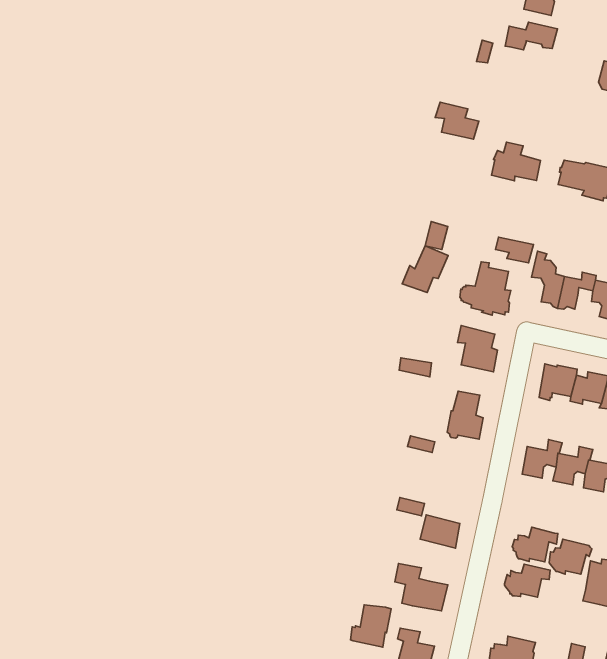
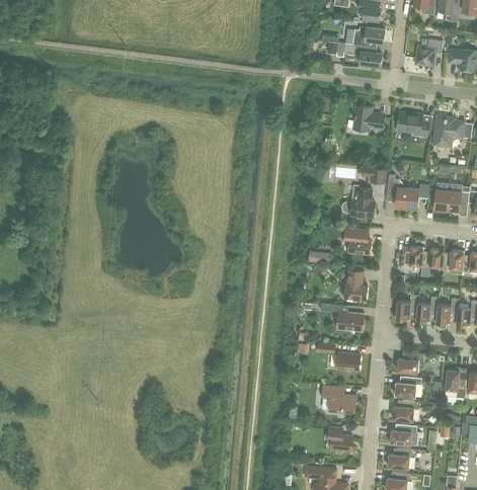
building: [435,102,479,139] -> [353,44,382,65]
building: [402,246,448,293] -> none
building: none -> [336,311,364,331]
building: [549,539,592,574] -> [391,399,417,421]
building: [350,605,391,647] -> none

